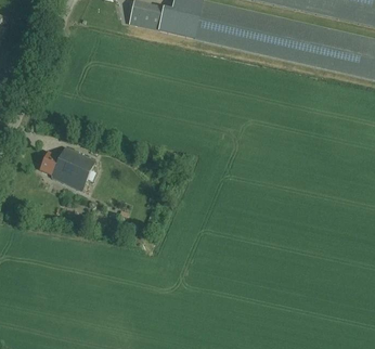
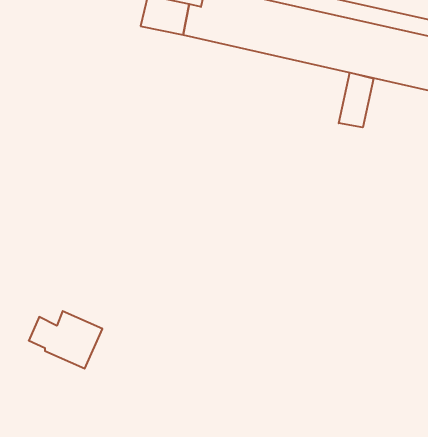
building: none -> [339,73,373,127]
building: [39,147,93,190] -> [29,311,102,369]

